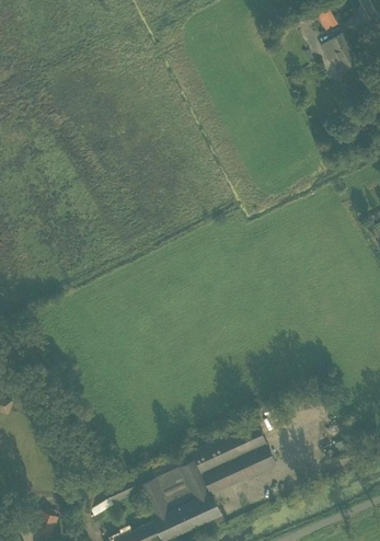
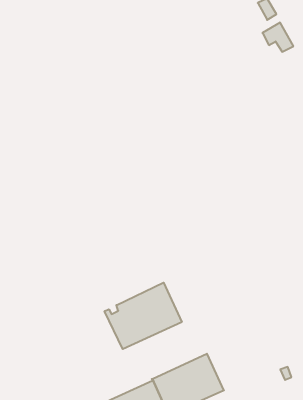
building: none -> [105,283,182,349]

